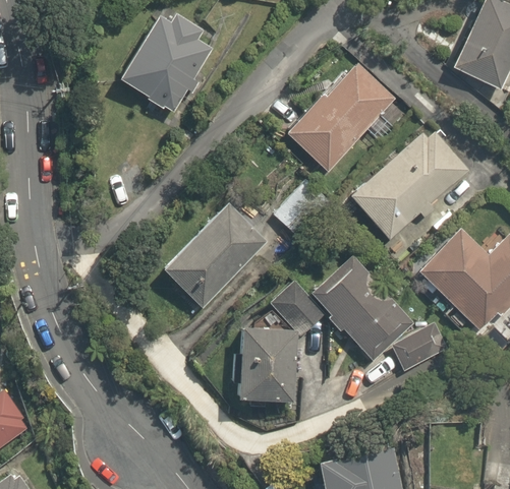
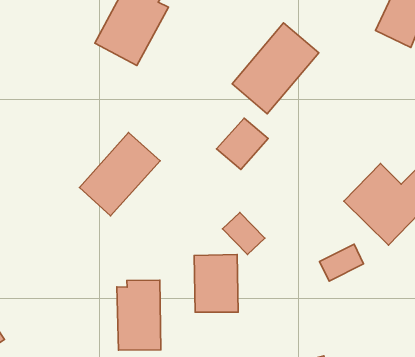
building: [355,130,464,236] -> none
building: [168,207,264,306] -> [80,132,160,216]
building: [315,260,410,358] -> none
building: none -> [117,280,161,350]

